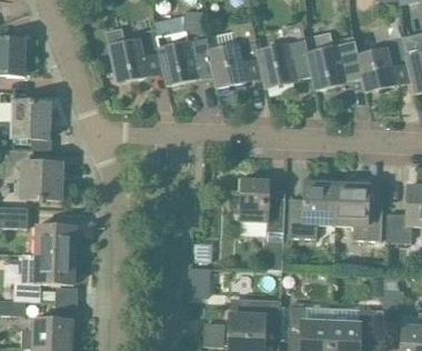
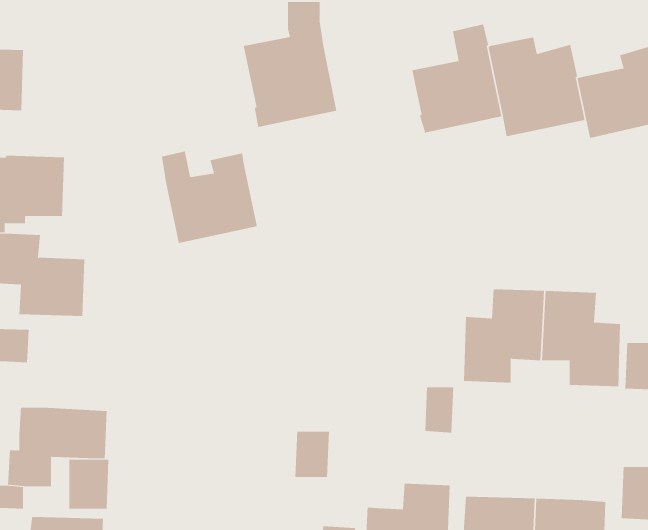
building: [205,21,263,88] -> none
building: [107,28,164,83] -> [161,151,258,243]
building: [240,179,285,231] -> none
building: [37,225,77,255] -> none

